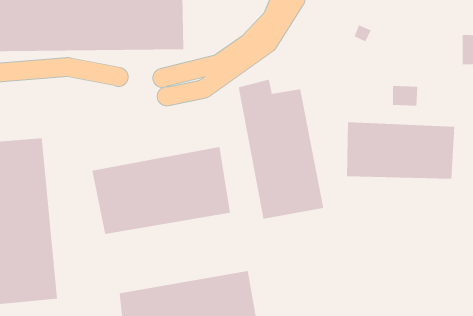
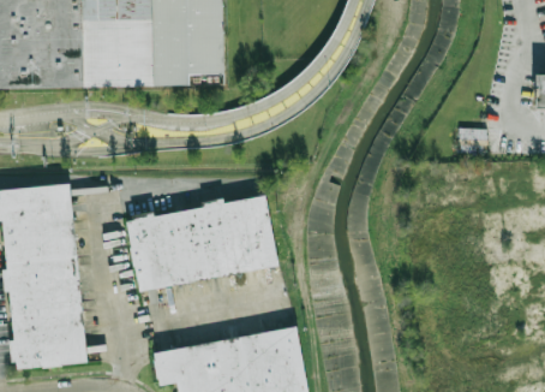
building: [238,79,324,220] -> none
building: [346,122,455,180] -> none

